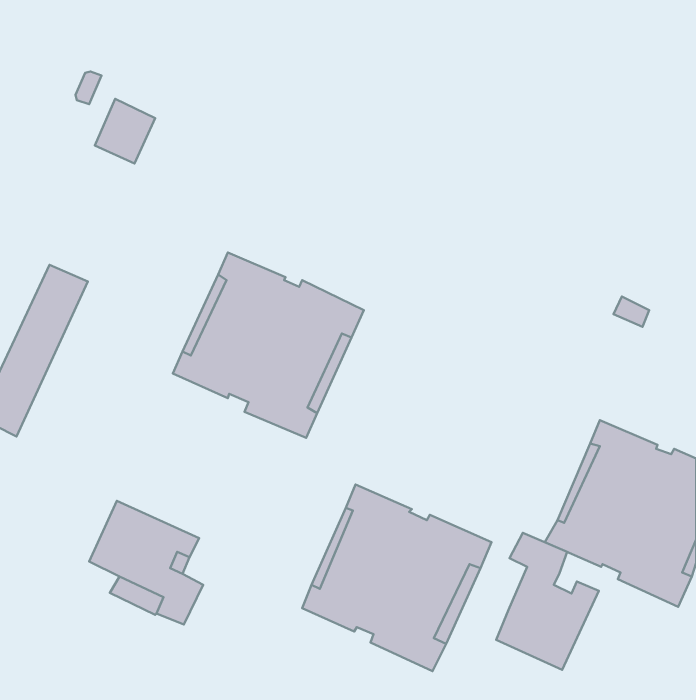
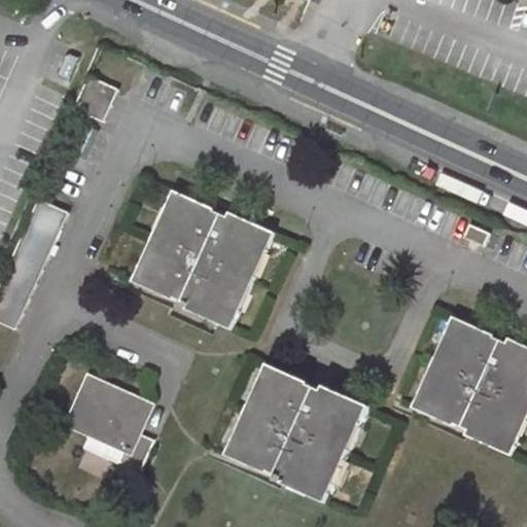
building: [496,533,599,670] -> none

